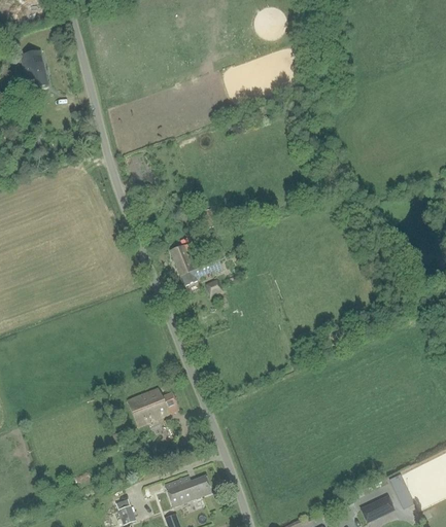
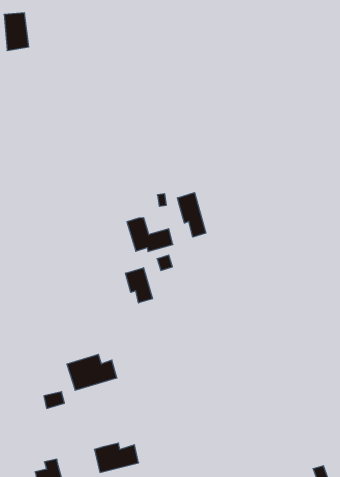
building: none -> [177,193,206,237]
building: none -> [126,268,152,303]

